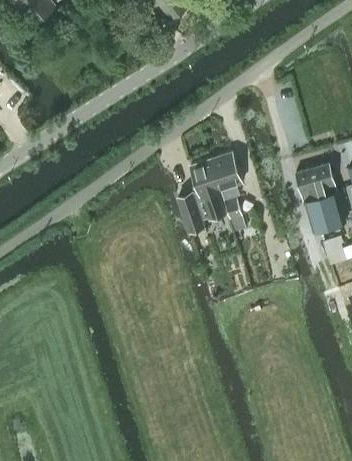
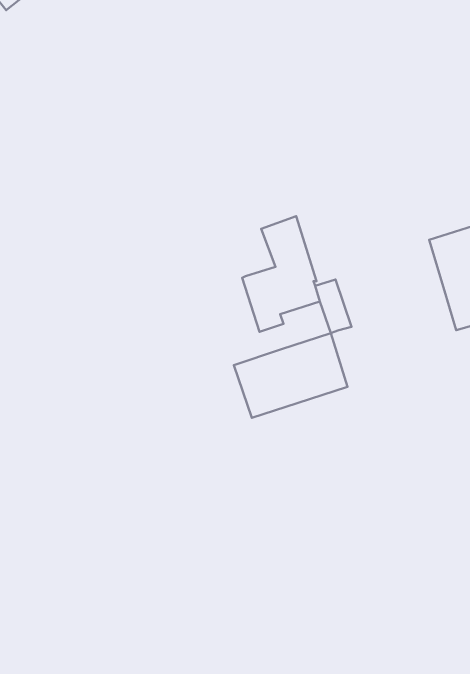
building: [212,154,242,201] -> none
building: none -> [234,333,347,418]

